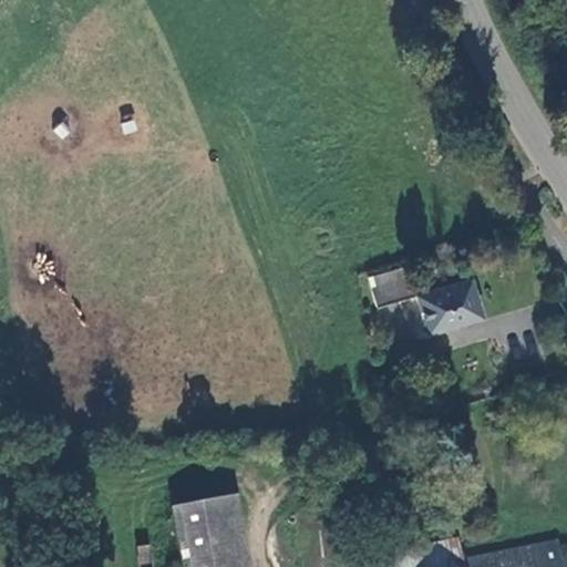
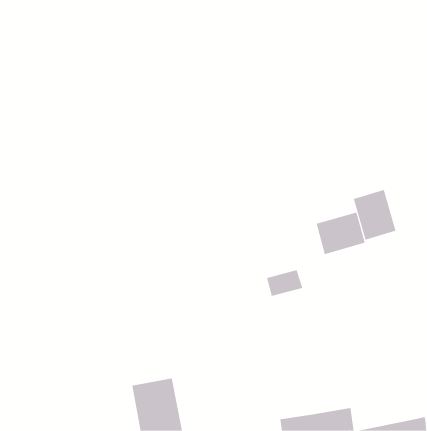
building: none -> [353,189,396,240]
building: [371,269,420,305] -> [266,270,303,297]

